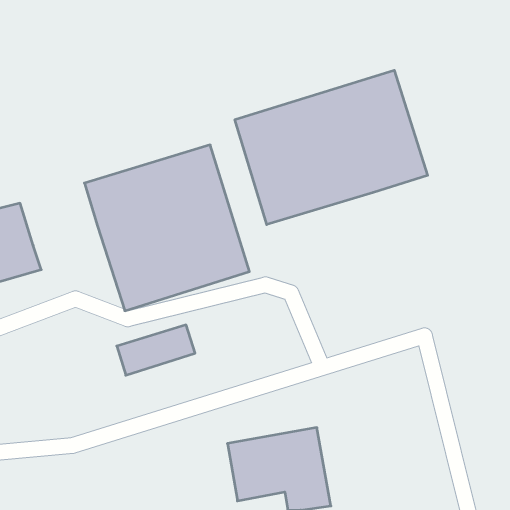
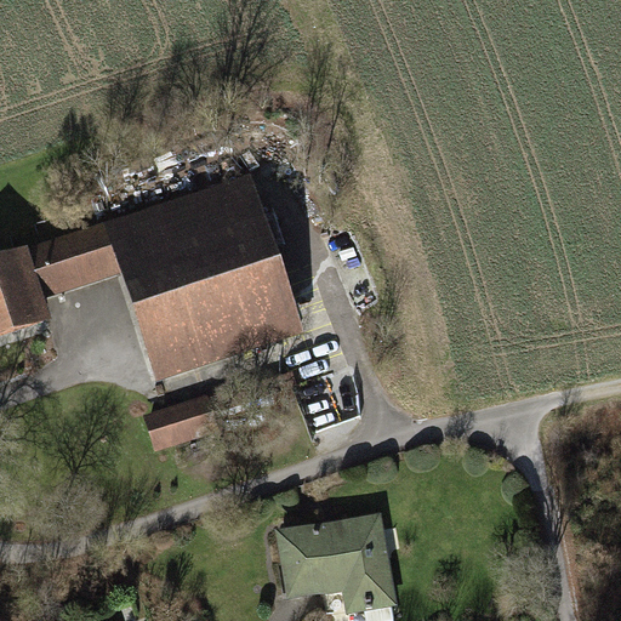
building: [235,70,428,225] -> none
building: none -> [24,221,118,296]

